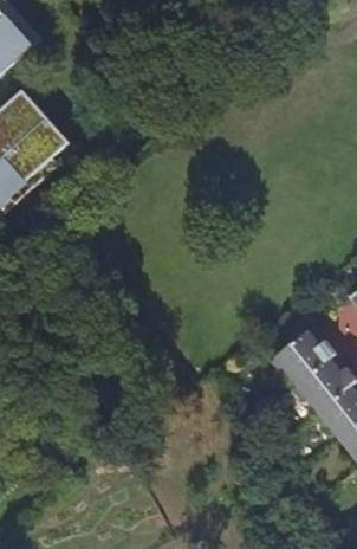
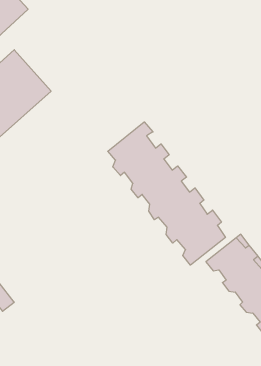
building: none -> [108,122,225,265]

